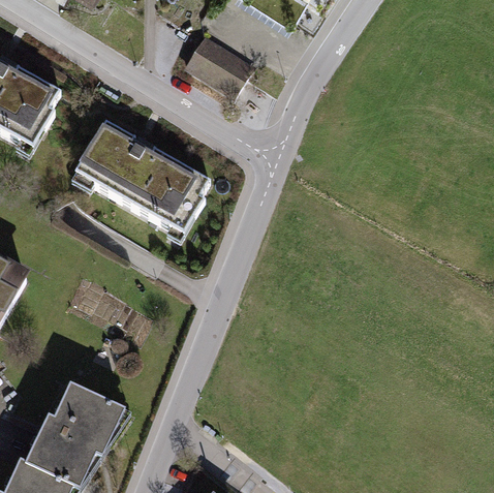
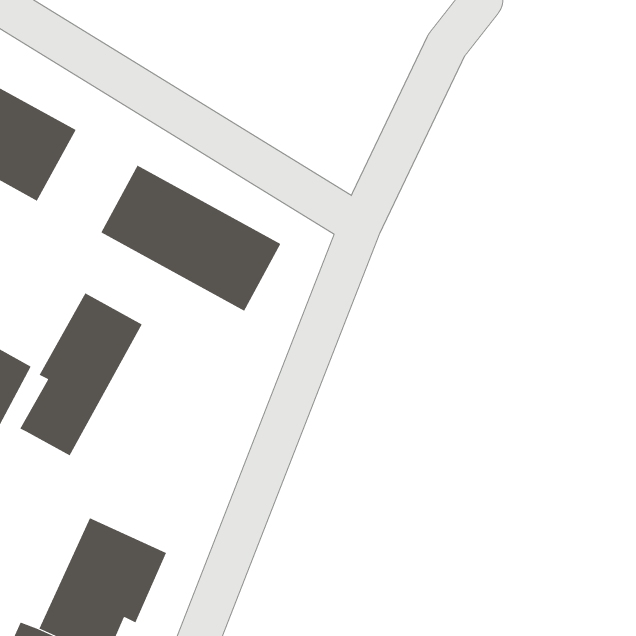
building: [180,44,245,102] -> none
building: none -> [20,293,142,456]

